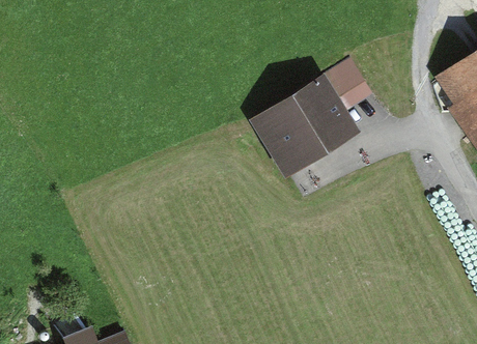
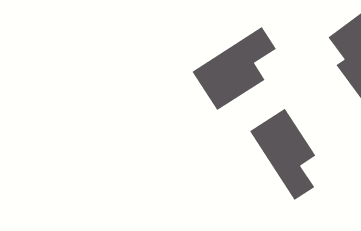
building: none -> [249,108,316,201]

